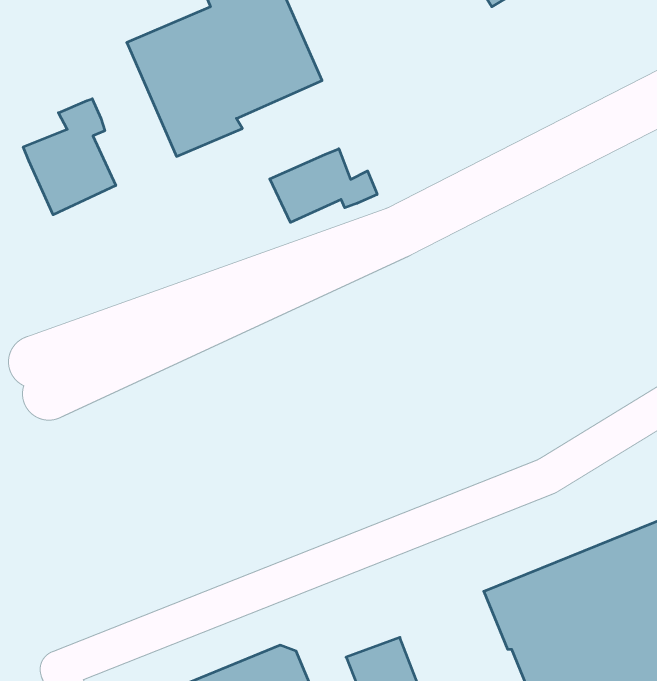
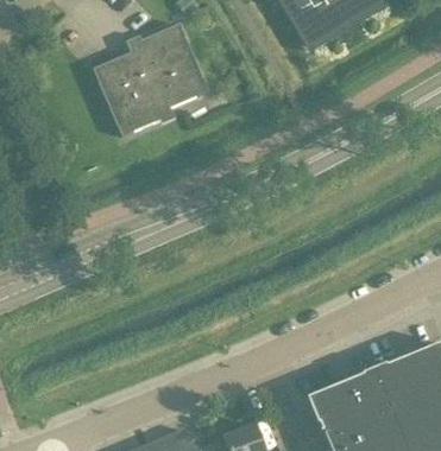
building: [23,99,116,215] -> none
building: [270,149,377,222] -> none

